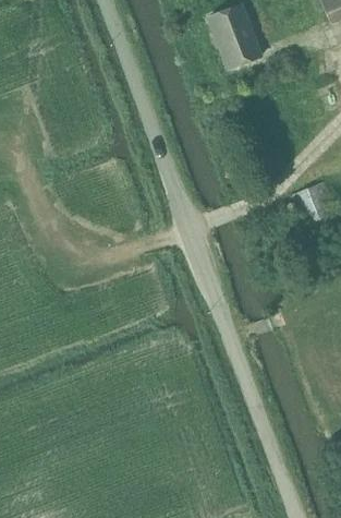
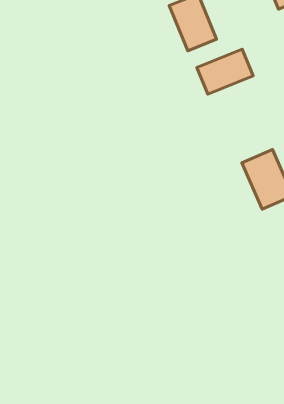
building: none -> [197,49,253,94]

